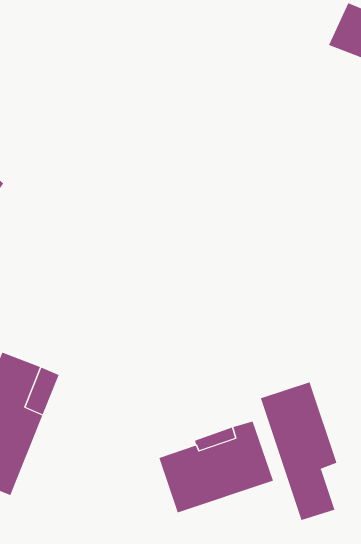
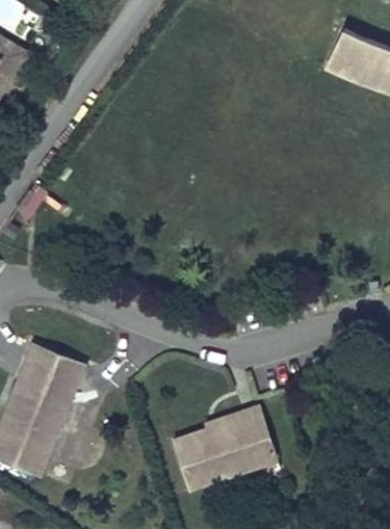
building: [260,381,337,521] -> none

